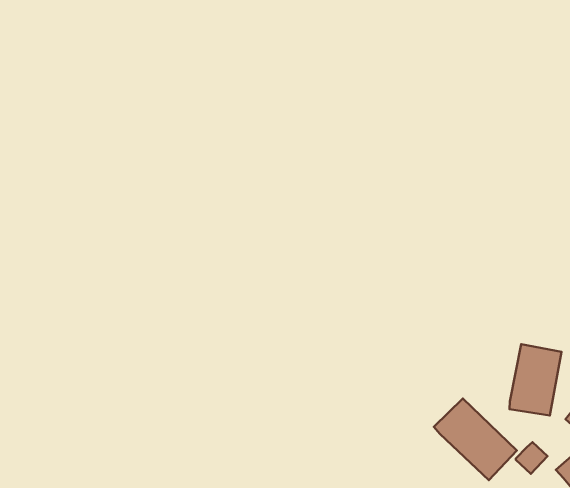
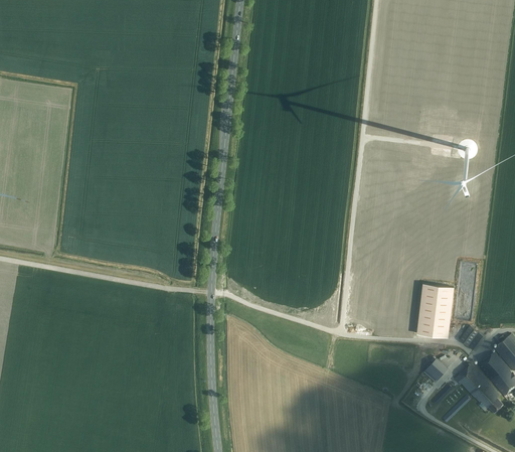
building: [434,399,517,480] -> none

